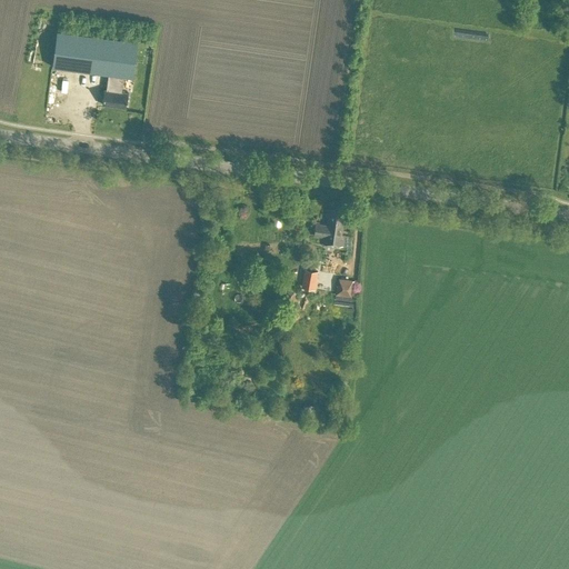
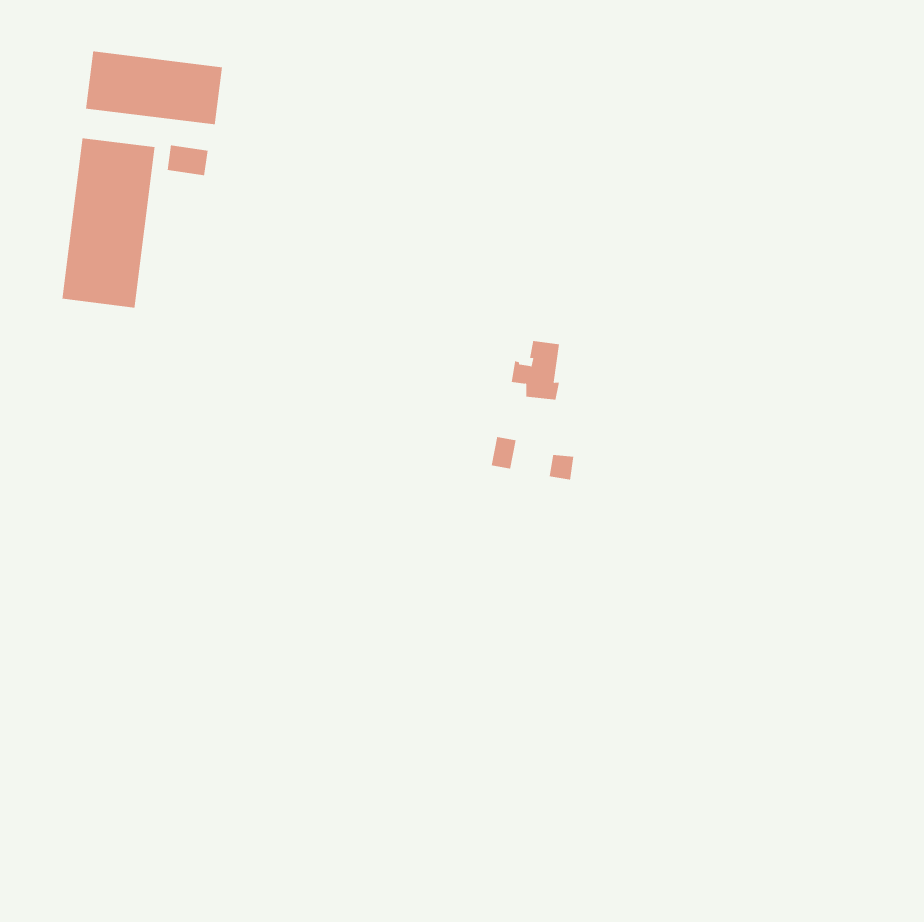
building: none -> [62,137,155,308]

